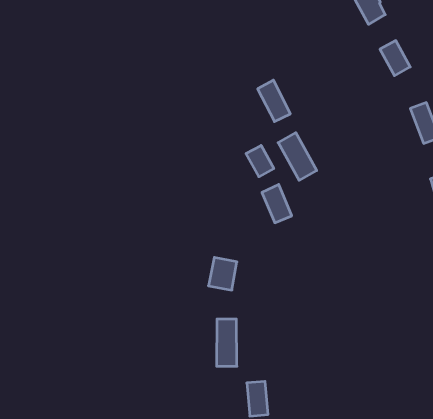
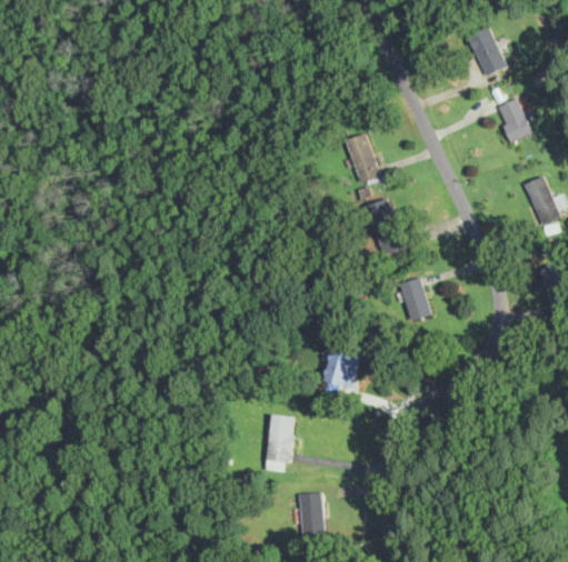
building: [246,145,274,177] -> none
building: [262,184,292,223] -> [398,277,431,322]
building: [208,257,237,290] -> [323,349,360,390]

